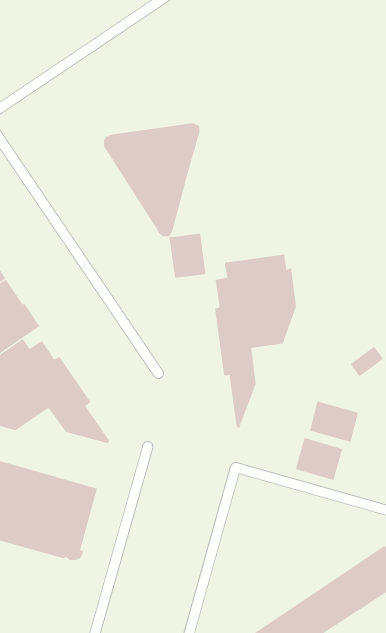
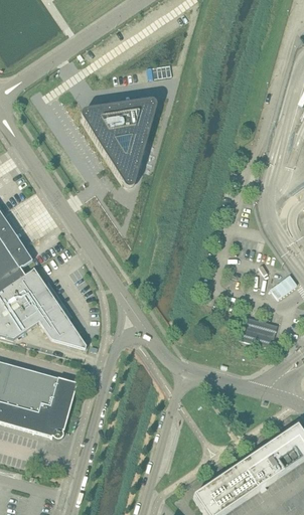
building: [169,233,206,278] -> none
building: [215,254,297,429] -> none
building: [295,437,343,481] -> none

